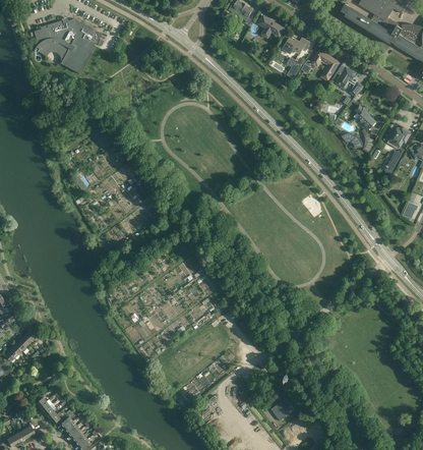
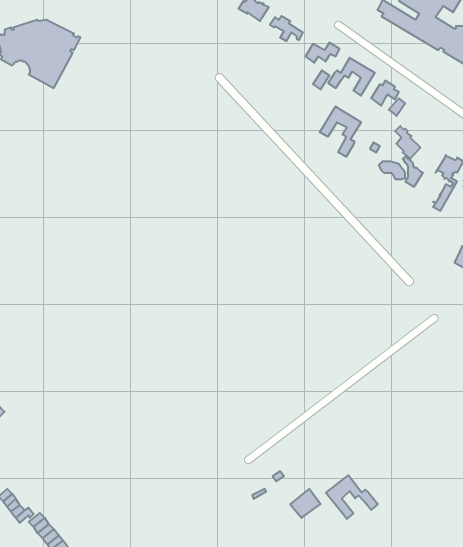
building: none -> [320,106,361,157]
building: none -> [326,475,378,519]

